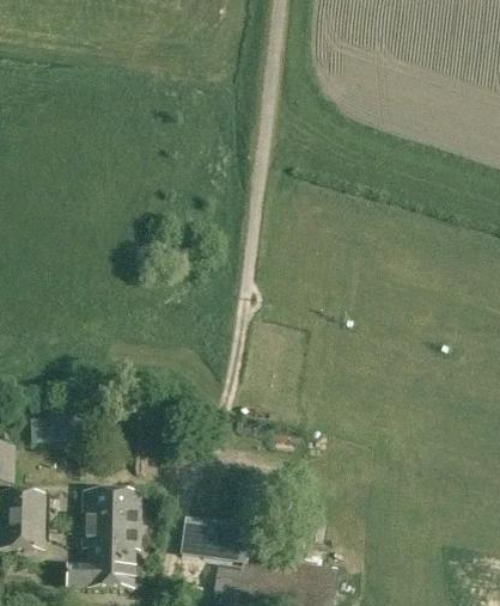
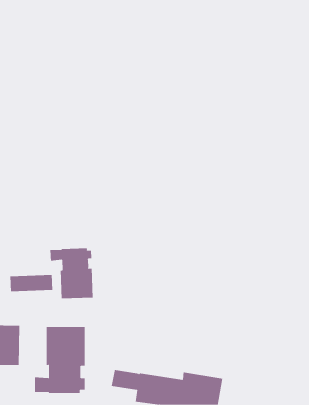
building: none -> [50,247,93,299]
building: [182,521,245,557] -> none

